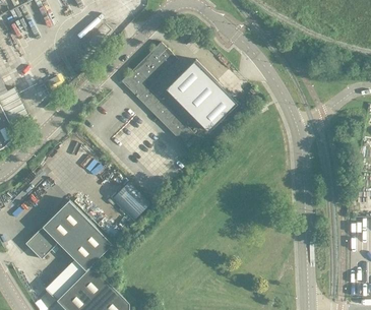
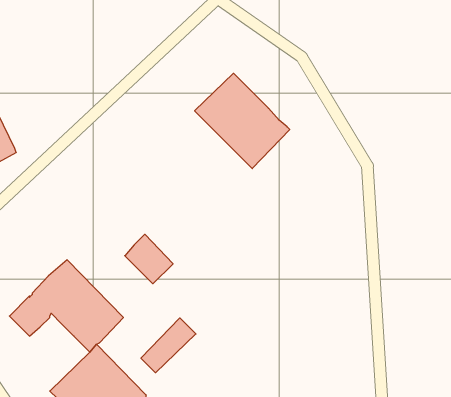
building: [120,42,194,144] -> none
building: [44,258,85,300] -> [141,318,196,373]

